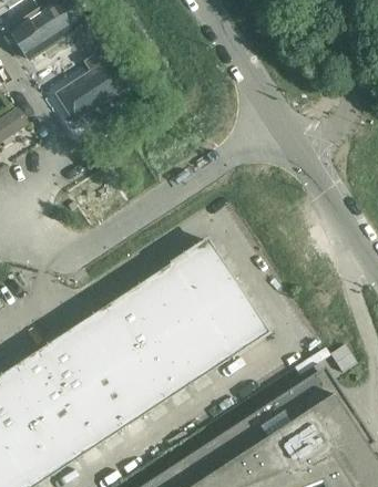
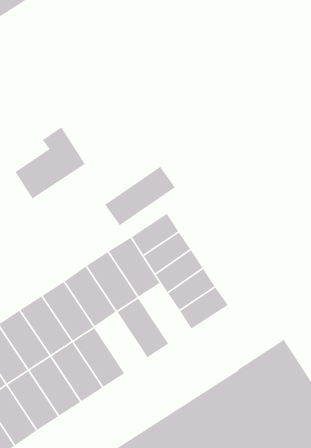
building: [53,50,125,123] -> [14,127,86,199]
building: none -> [104,166,176,226]
building: [176,312,229,373] -> none
building: [132,341,185,403] -> none

